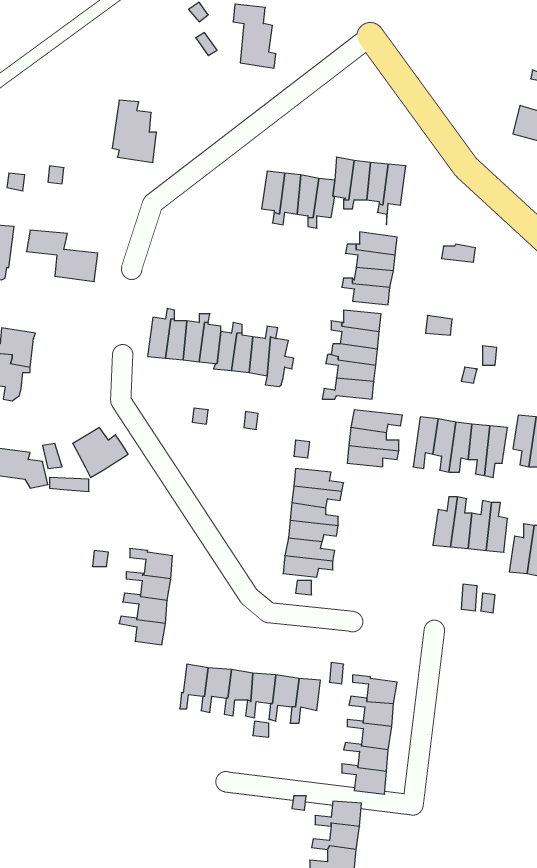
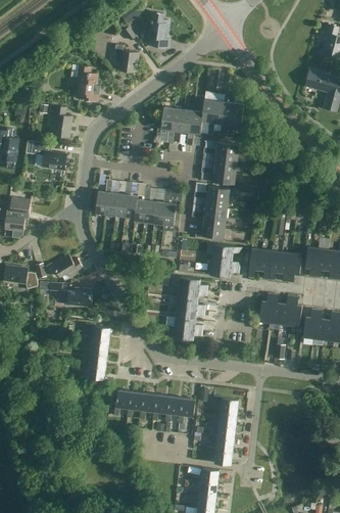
building: none -> [113,45,138,74]
building: none -> [52,106,71,138]
building: none -> [64,289,92,307]

